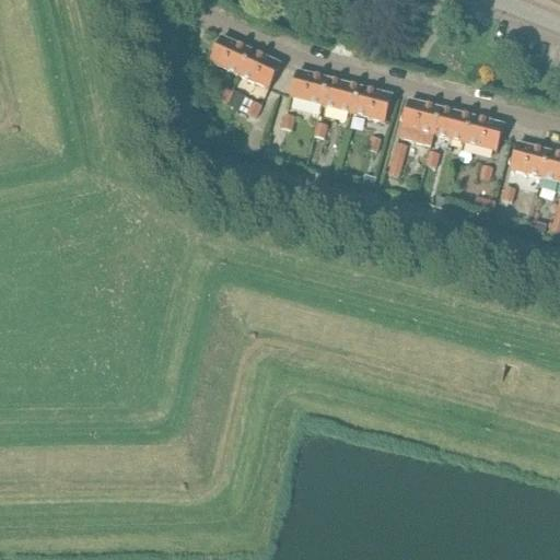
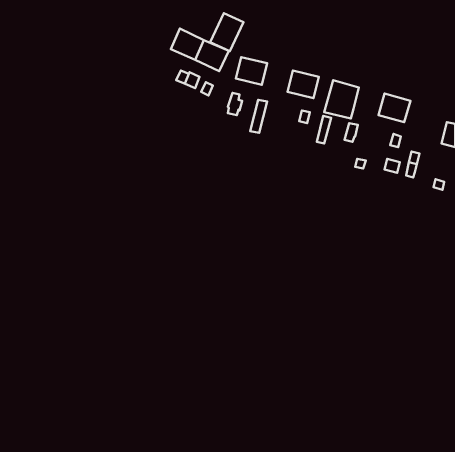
building: none -> [210,13,244,51]
building: [322,78,360,113] -> none
building: [434,107,472,141] -> none
building: [510,142,549,176] -> none

